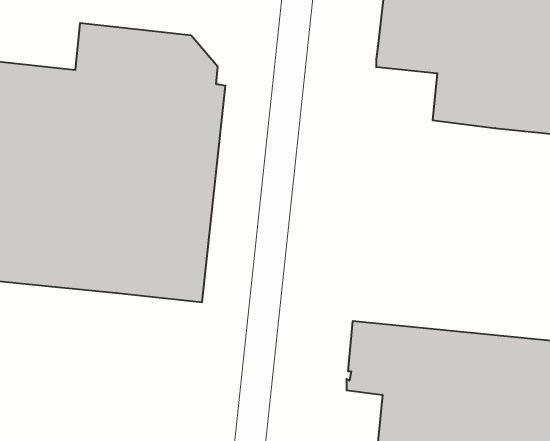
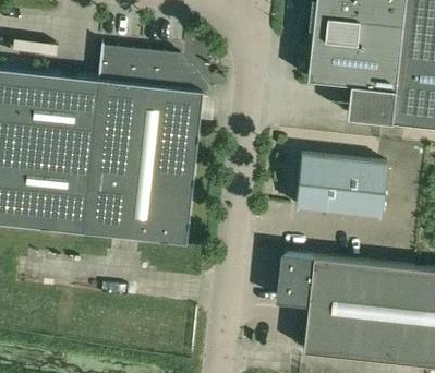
building: none -> [299,156,389,217]

